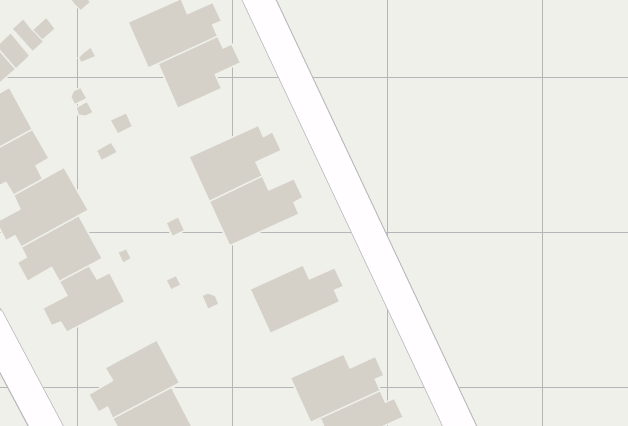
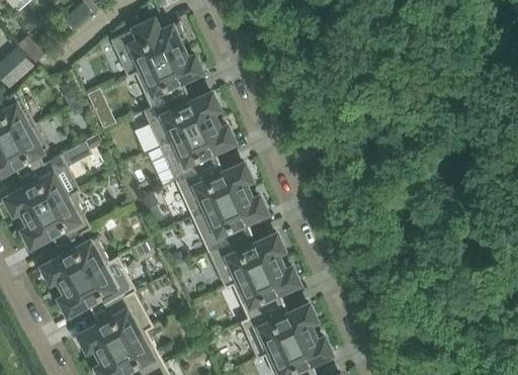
building: none -> [144,92,219,147]
building: none -> [192,192,266,252]
building: none -> [61,257,136,314]
building: none -> [225,262,298,322]

